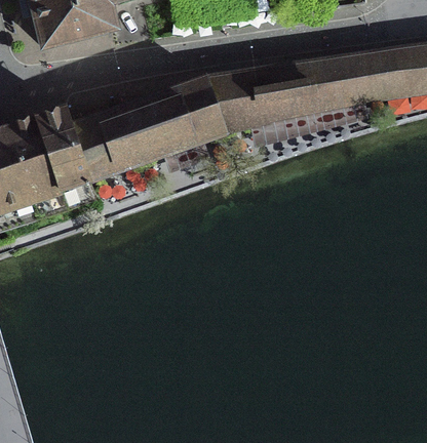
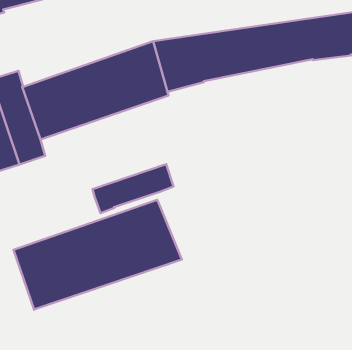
building: none -> [93,164,174,213]
building: none -> [13,200,182,310]

